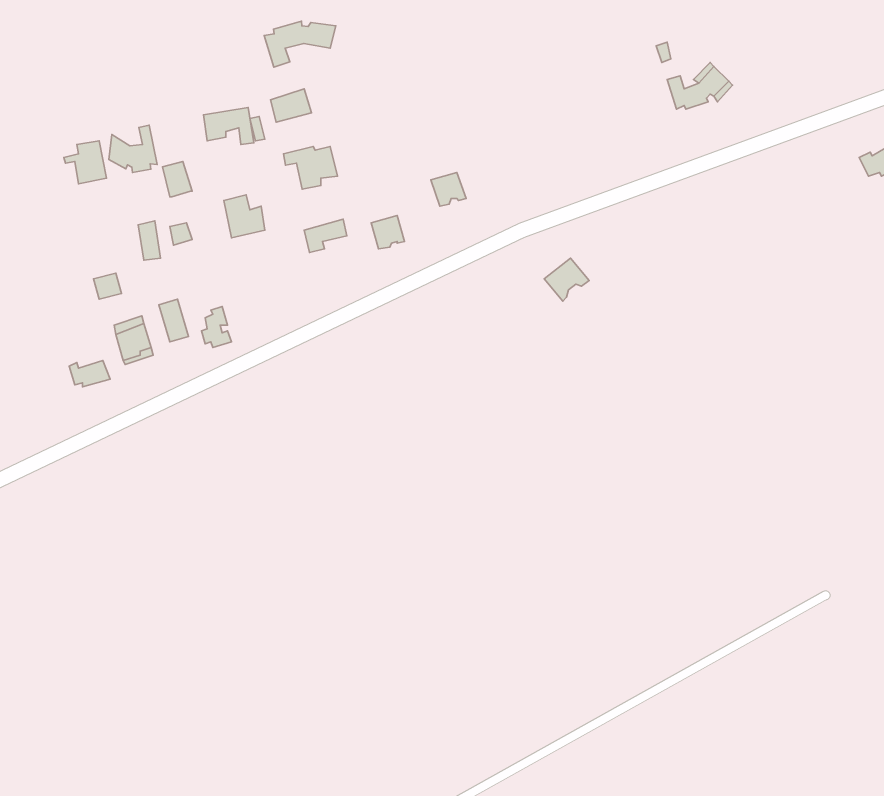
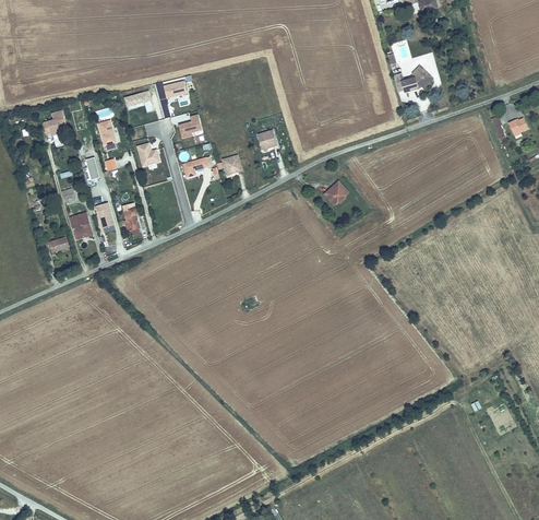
building: [264,21,336,67] -> none
building: [109,125,157,172] -> none

